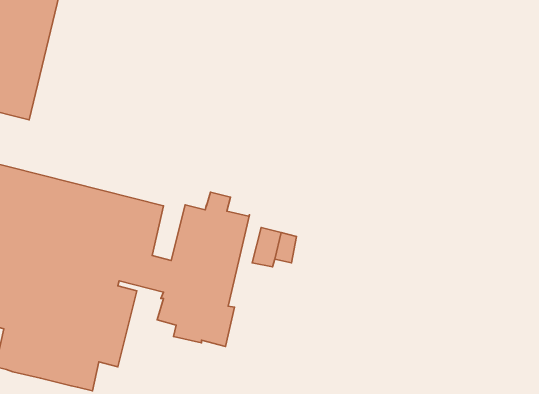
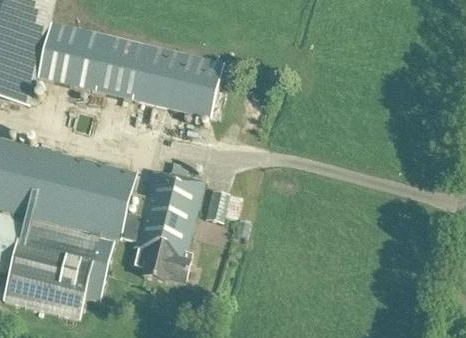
building: none -> [36,21,223,118]

